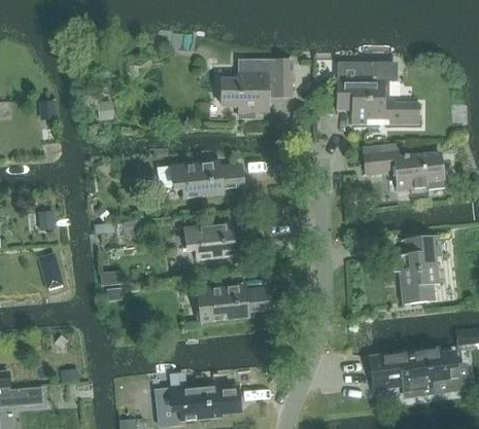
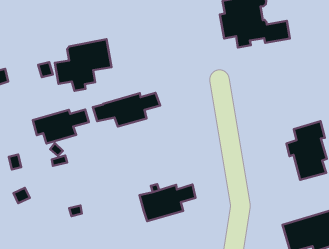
building: [221,60,292,117] -> [55,39,111,91]
building: [365,151,443,194] -> none
building: [184,222,254,259] -> [33,110,89,143]

